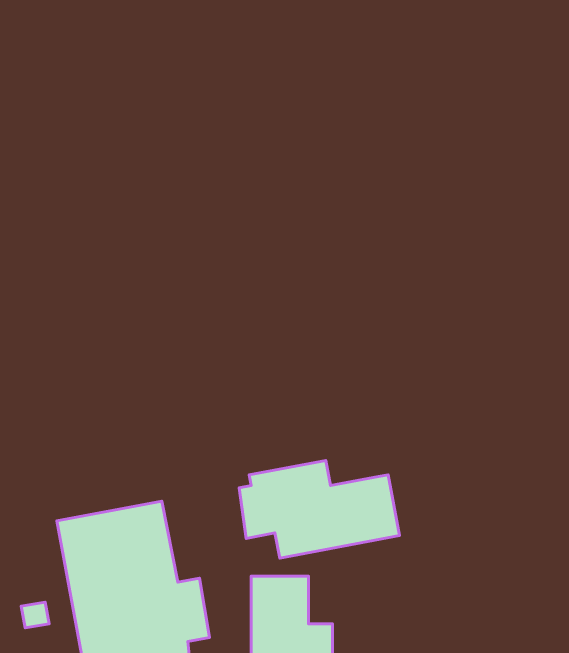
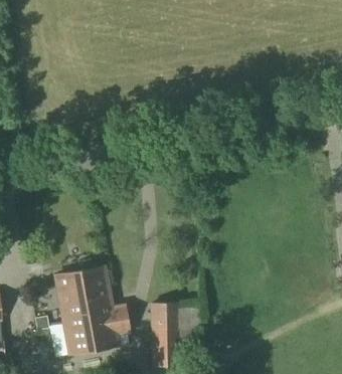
building: [239,461,400,558] -> none

